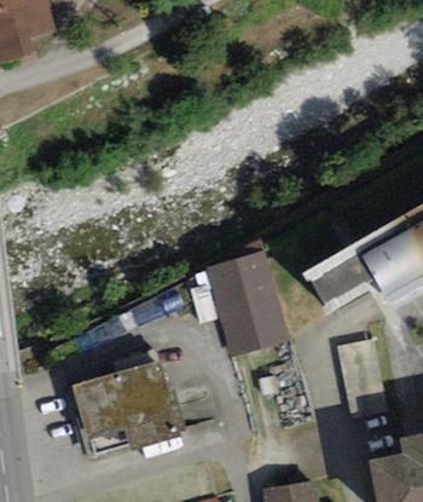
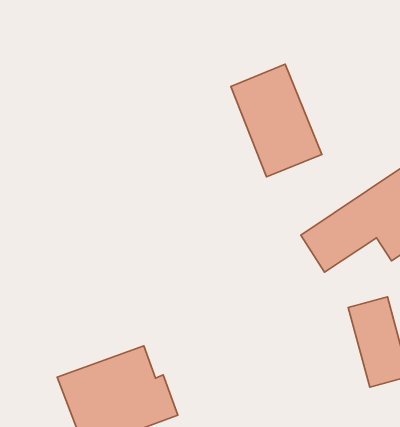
building: [208,253,286,354] -> [231,64,322,177]

